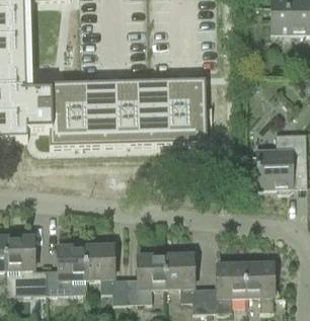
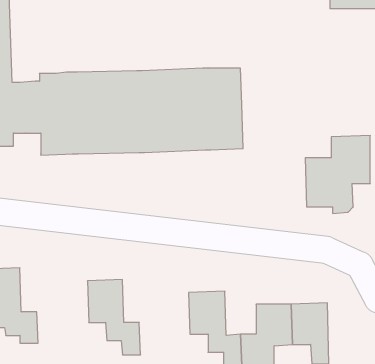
building: [46,245,86,294] -> none
building: [126,254,165,303] -> none

